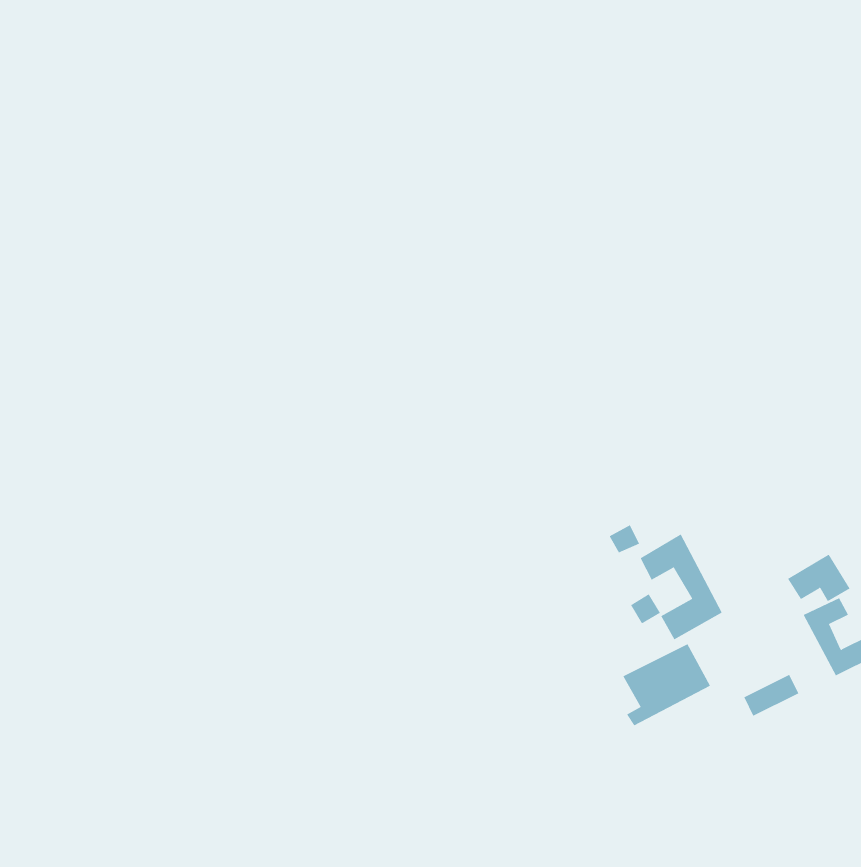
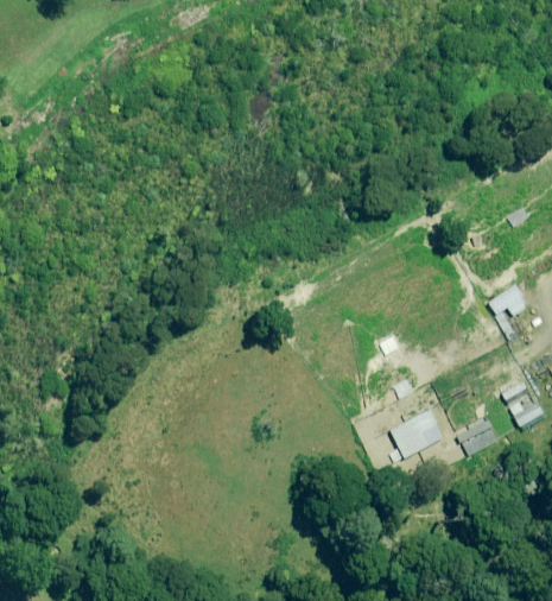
building: [640,534,722,640] -> none
building: [787,554,850,602] -> [487,285,526,315]

